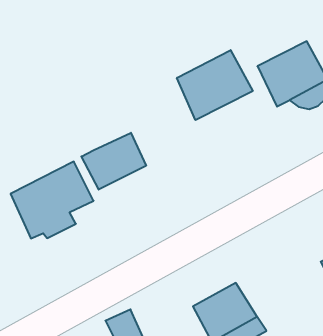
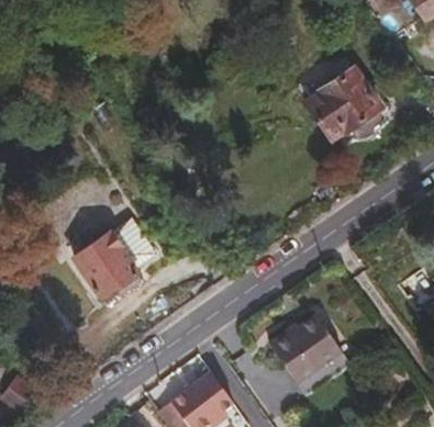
building: [177,50,253,120] -> none
building: [81,133,146,190] -> none

